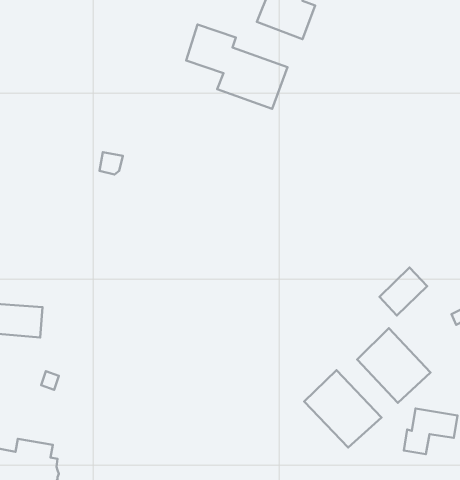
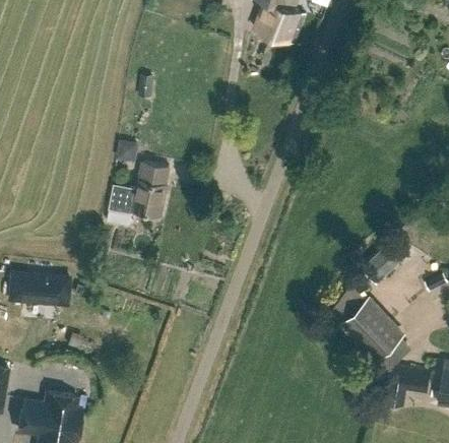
building: [186,24,288,109] -> none
building: none -> [110,162,170,215]
building: [304,370,382,448] -> none

